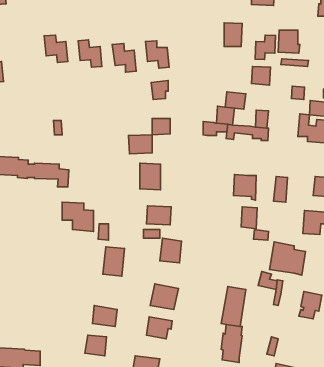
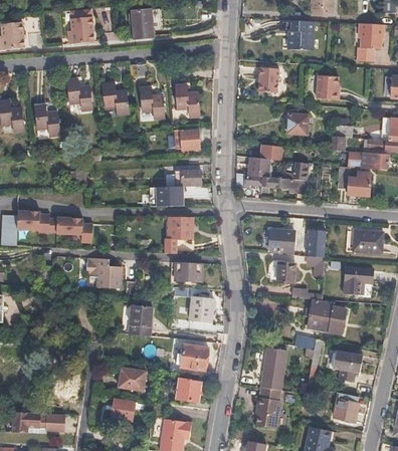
building: [255,35,276,60] -> none
building: none -> [34,105,59,136]
building: none -> [334,393,359,422]

